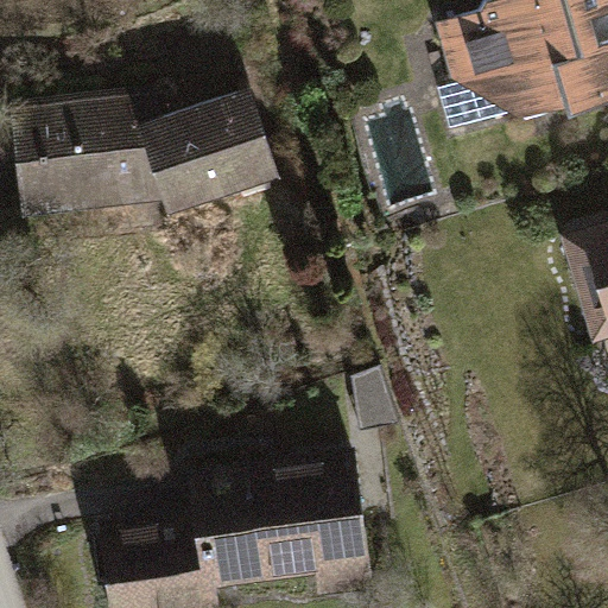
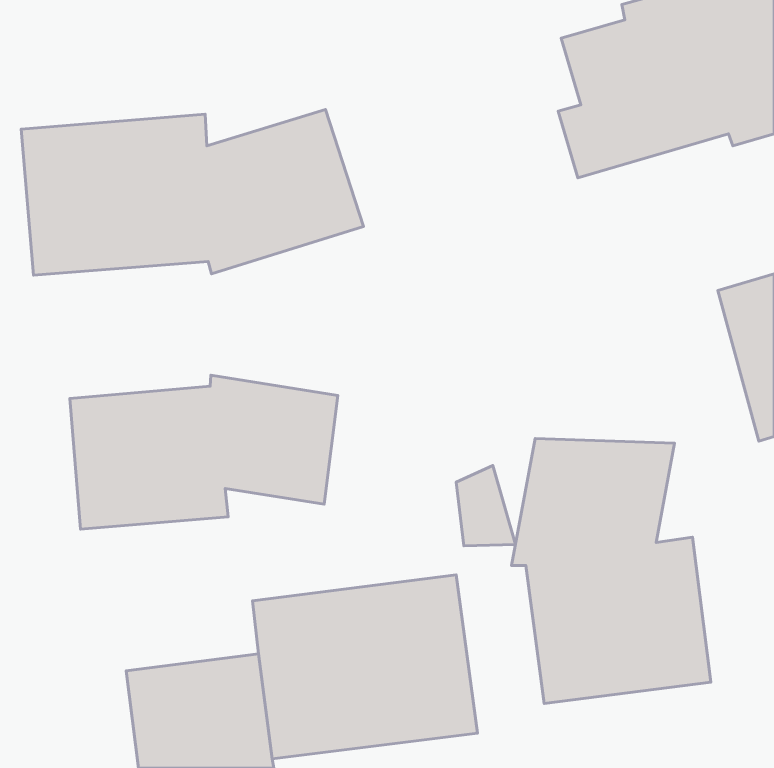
building: none -> [70,375,338,529]
building: none -> [512,438,711,703]

